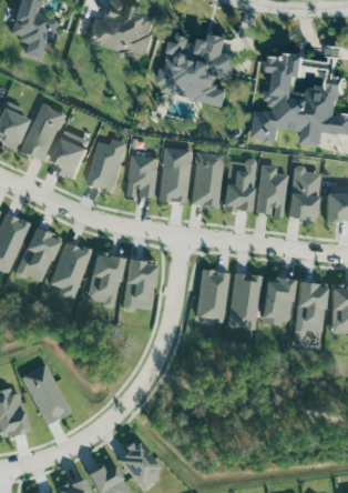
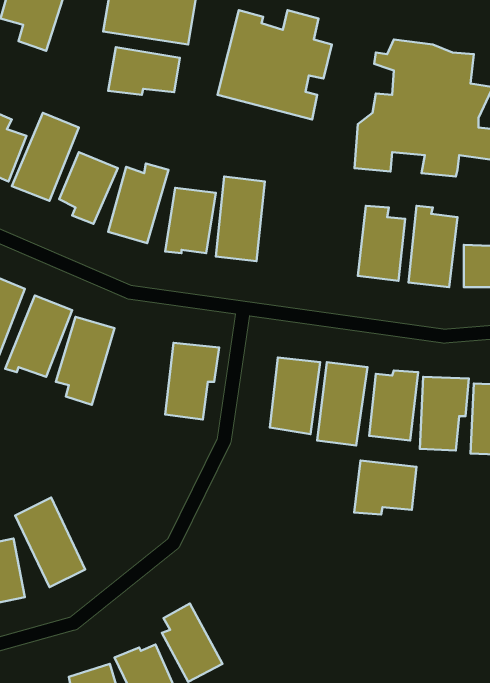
building: none -> [108,47,180,95]
building: [192,152,222,208] -> none
building: [224,160,257,212] -> none
building: [89,253,124,310] -> none
building: none -> [354,460,416,514]

